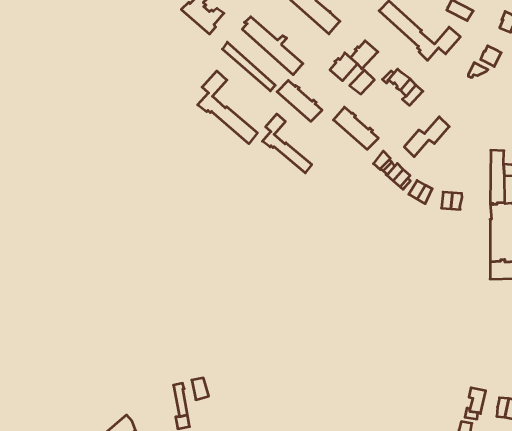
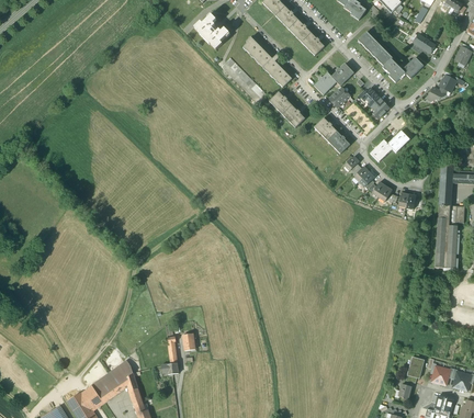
building: [198,71,257,144] -> none
building: [262,114,312,173] -> none

